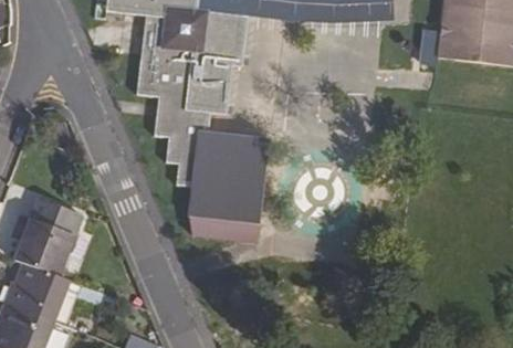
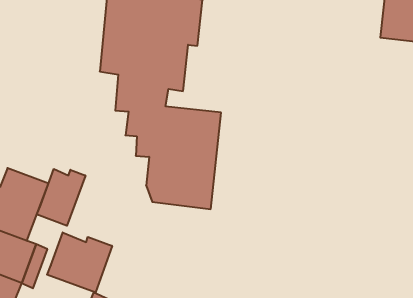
building: none -> [37,169,85,226]
building: none -> [47,232,112,292]

